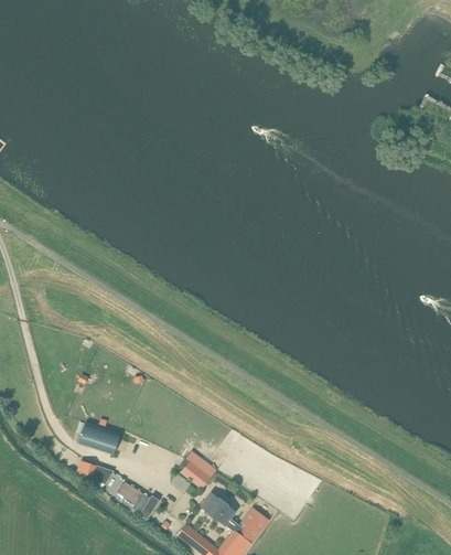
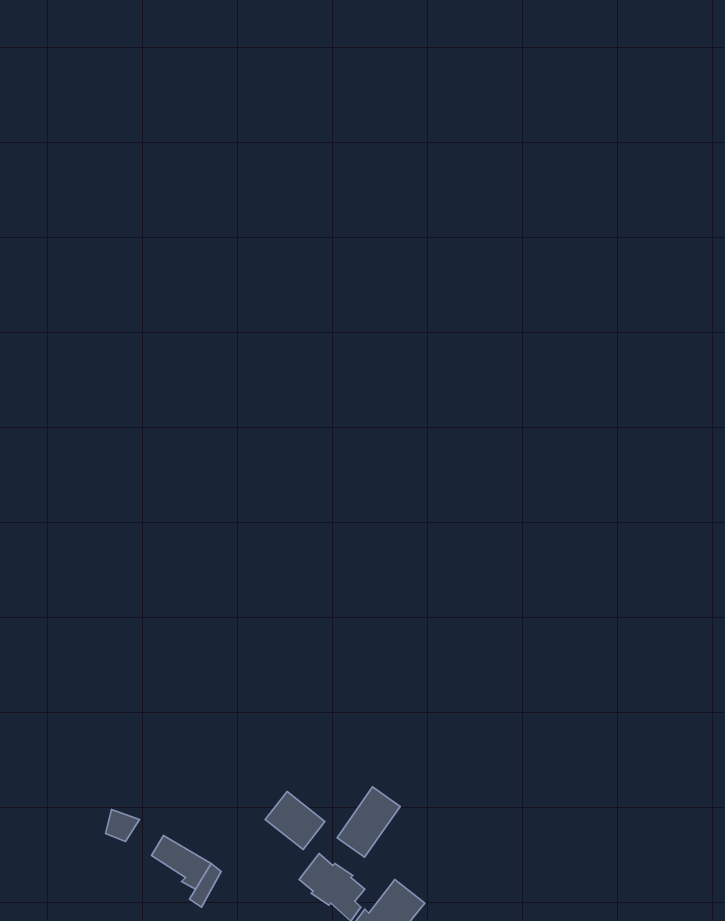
building: [79,421,121,455] -> none
building: none -> [337,787,400,857]

